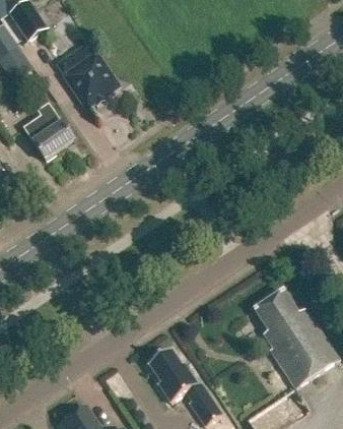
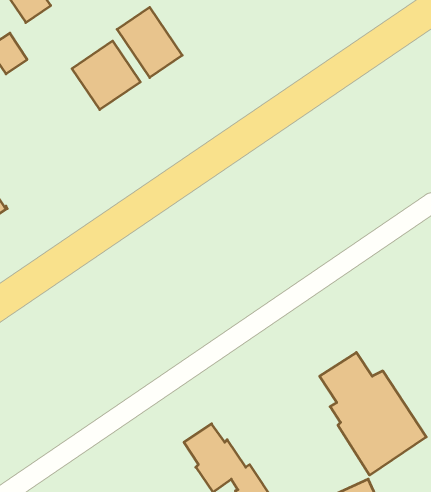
building: none -> [117,7,182,78]
building: [21,103,73,160] -> none

